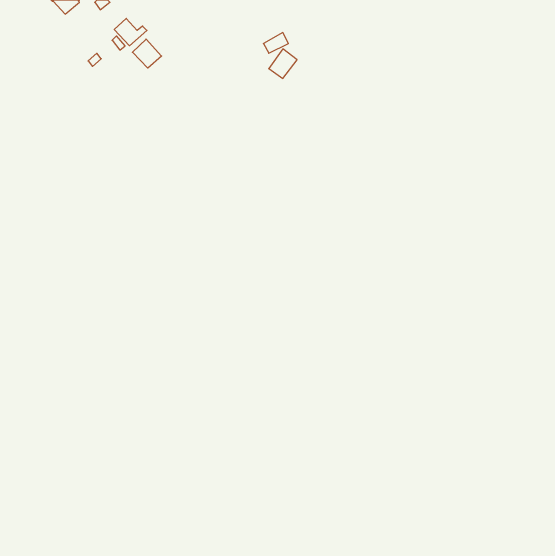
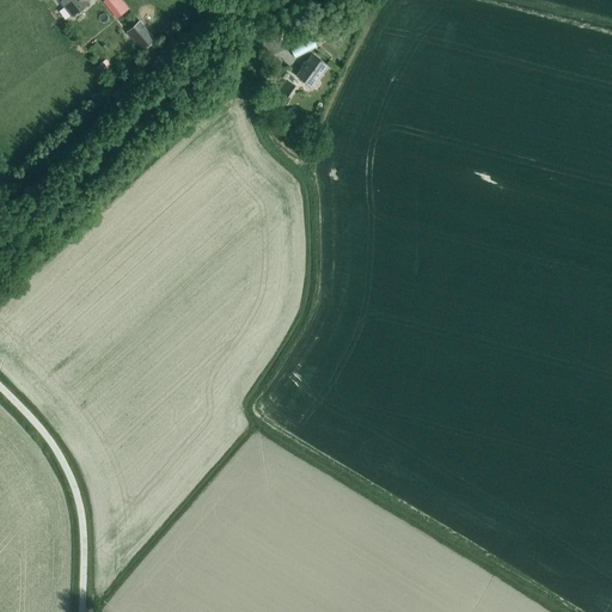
building: [132,39,162,68] -> none

